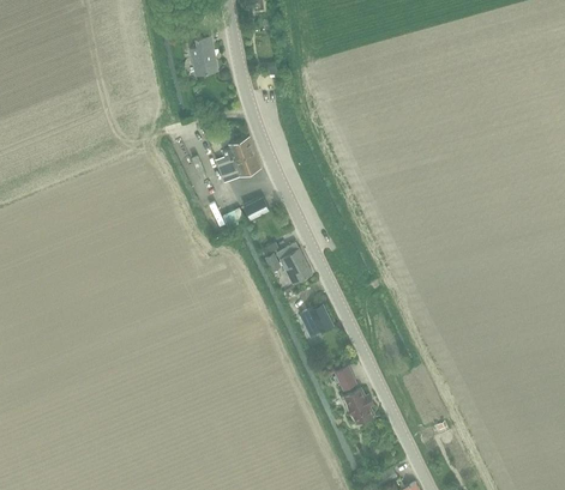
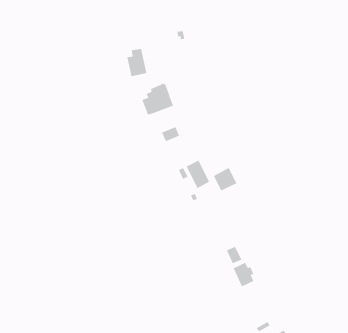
building: [190,36,218,75] -> [127,49,147,77]
building: [300,303,333,337] -> [213,167,237,191]

